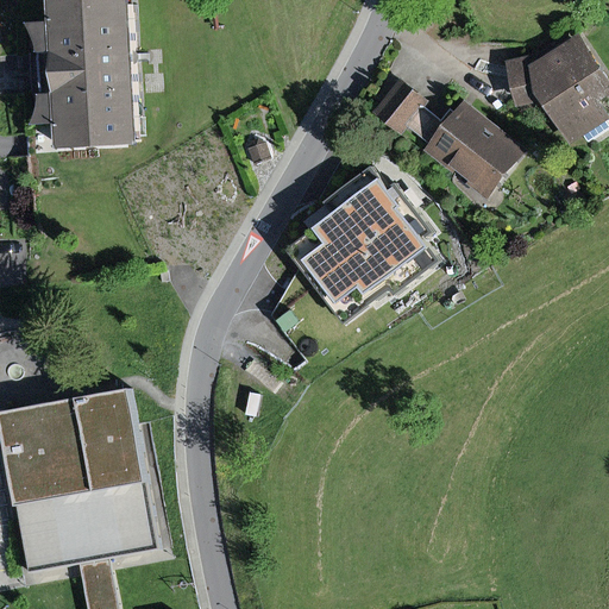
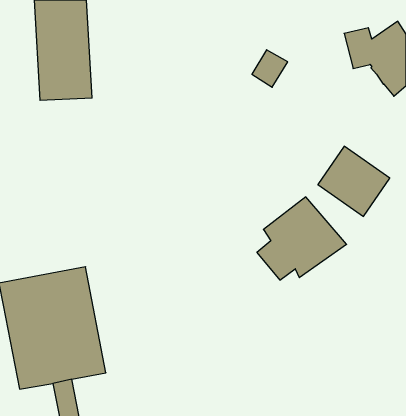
building: [421,93,526,195] -> [318,146,390,216]
building: [285,182,416,303] -> [257,197,347,280]

